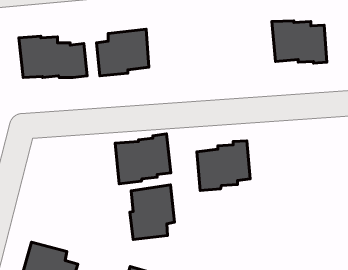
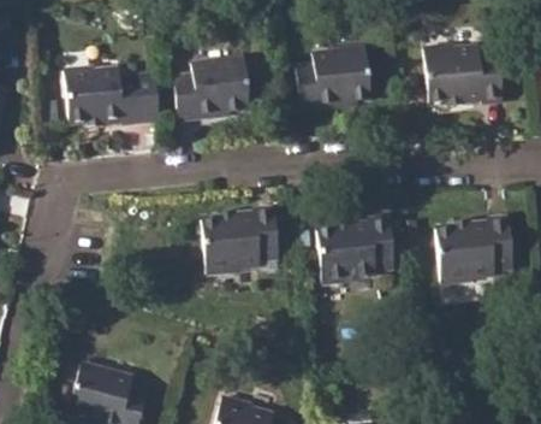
building: none -> [296,43,370,107]
building: none -> [435,216,515,282]
building: [130,185,175,240] -> none

